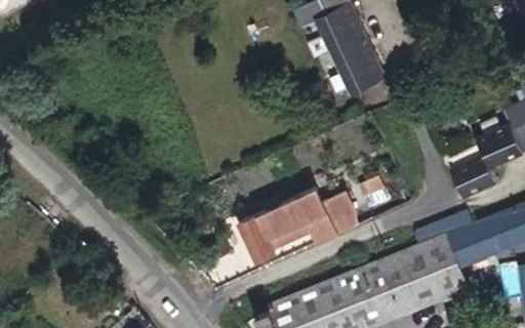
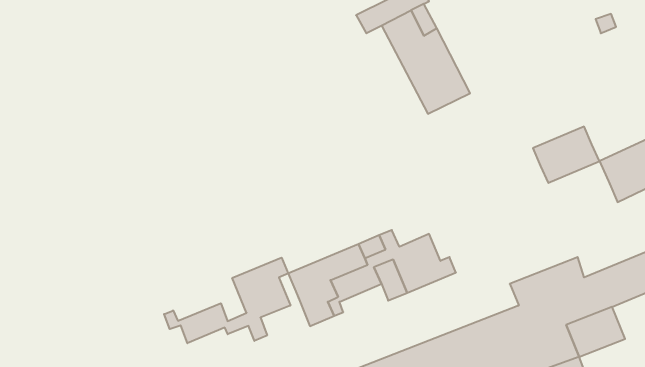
building: [454,150,508,195] -> [533,127,600,183]
building: none -> [164,258,290,343]

